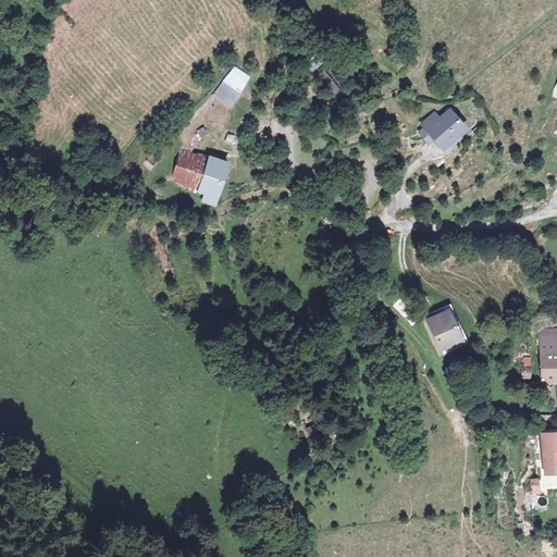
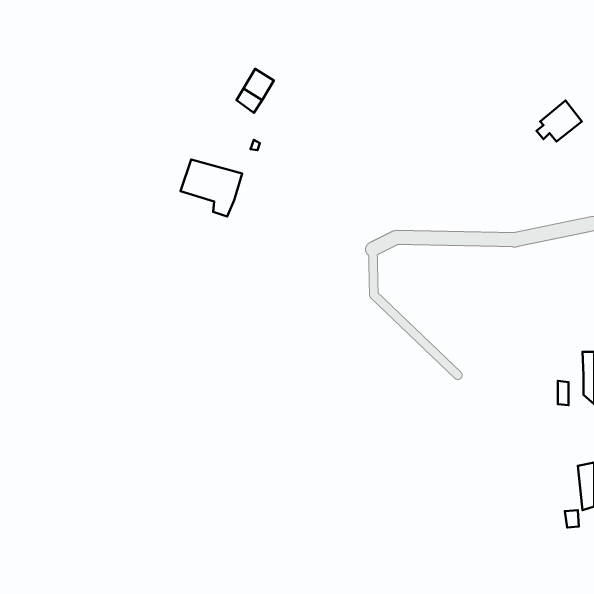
building: [428,107,470,145] -> [537,101,582,141]
building: [425,308,462,354] -> none

